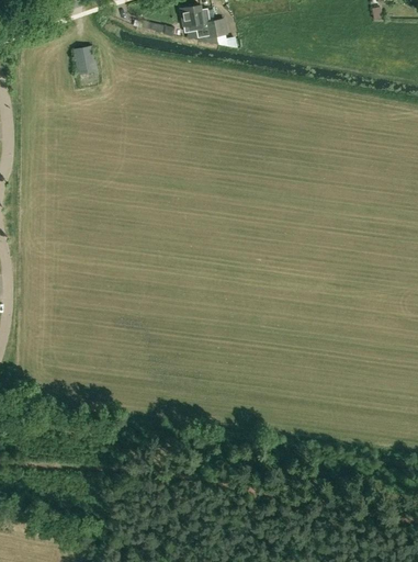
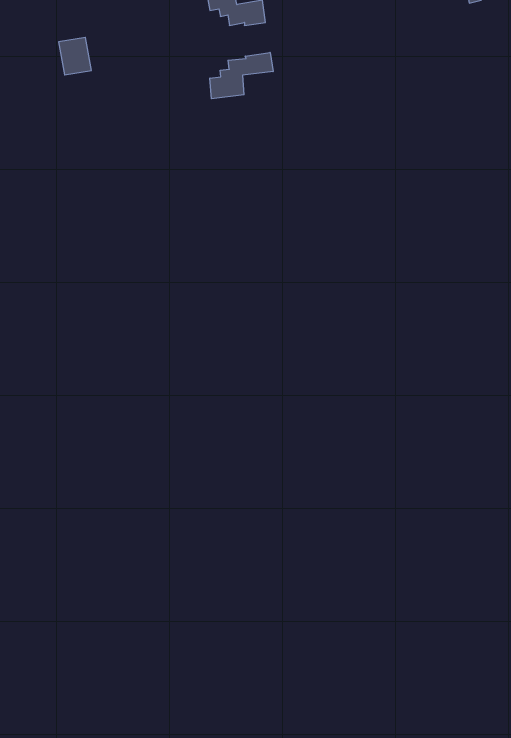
building: none -> [210,52,273,99]

